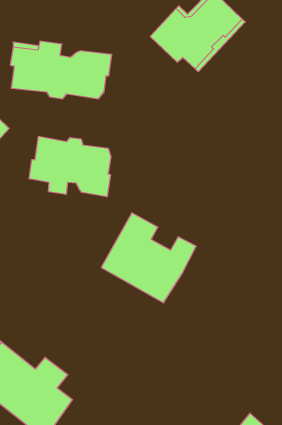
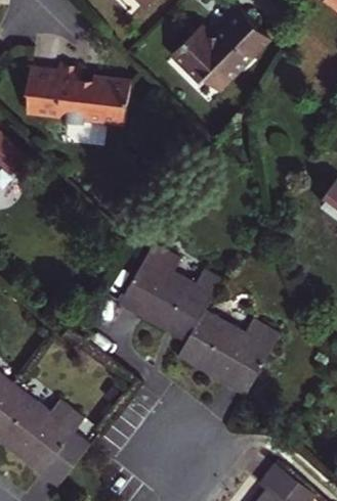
building: [29,136,111,197] -> none
building: none -> [178,310,281,394]

